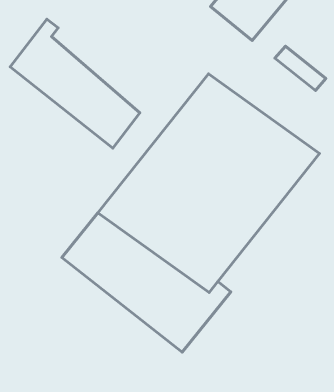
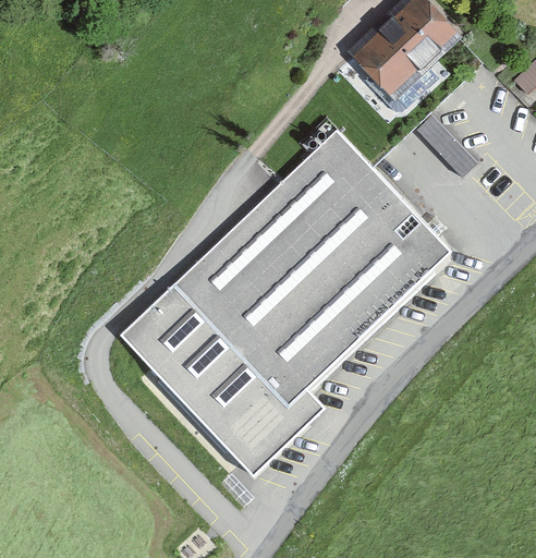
building: [10,19,140,148] -> none

